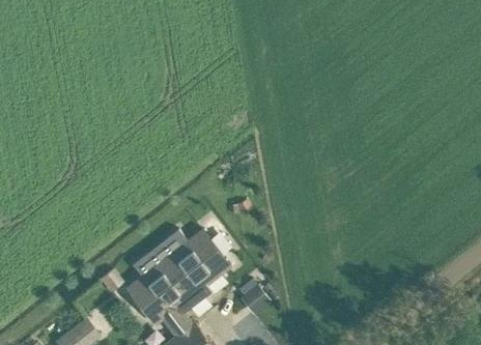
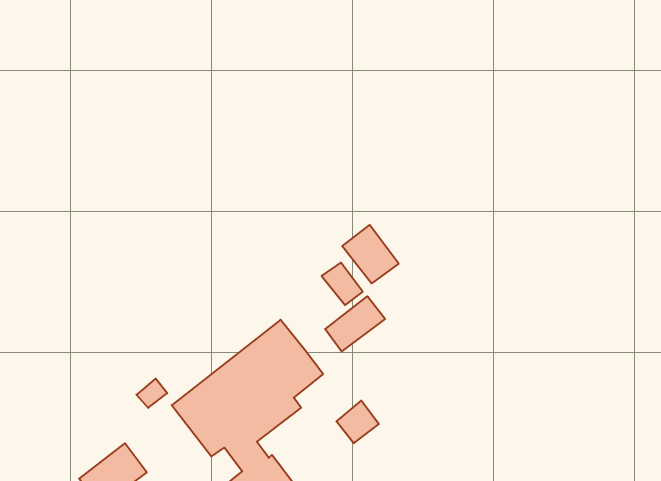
building: none -> [342,225,399,283]
building: none -> [325,296,385,352]

